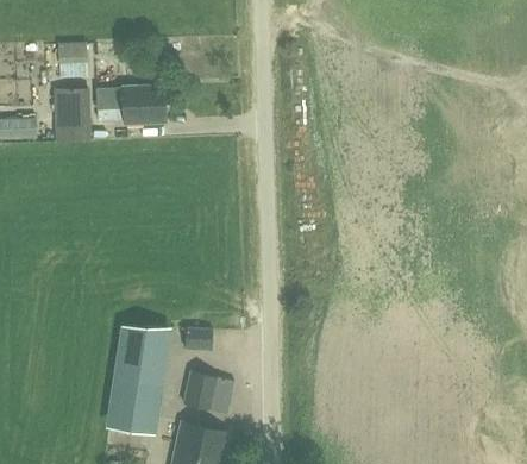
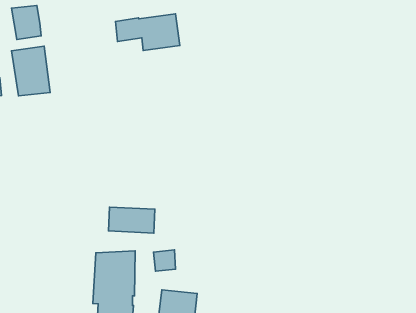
building: [96,86,165,123] -> [115,14,180,50]
building: none -> [108,207,155,233]

